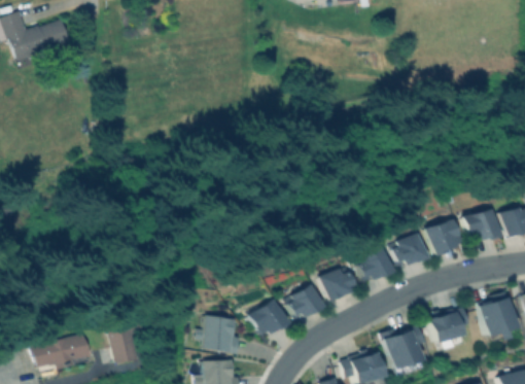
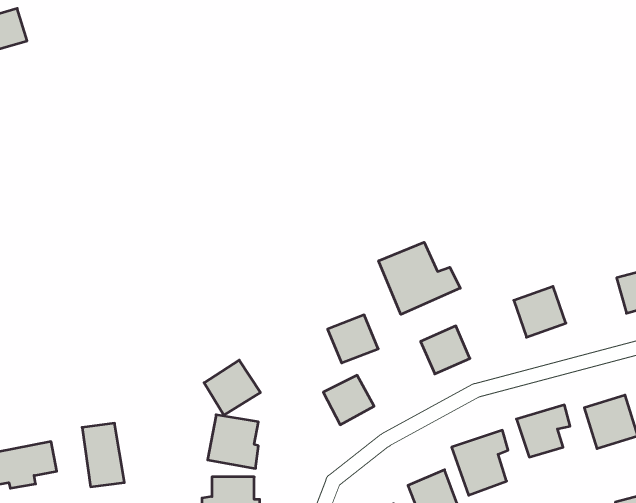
building: none -> [379,242,460,314]
building: [464,210,499,246] -> none
building: [391,235,426,269] -> none
building: [319,267,356,302] -> [328,315,378,363]
building: [249,300,290,340] -> [204,360,260,415]

